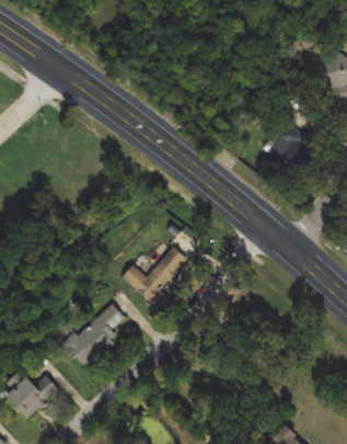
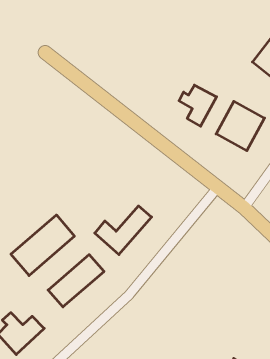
building: none -> [179,85,217,126]
building: none -> [11,215,74,276]

